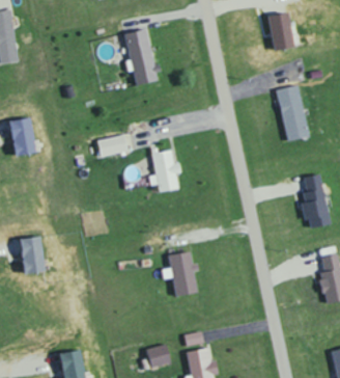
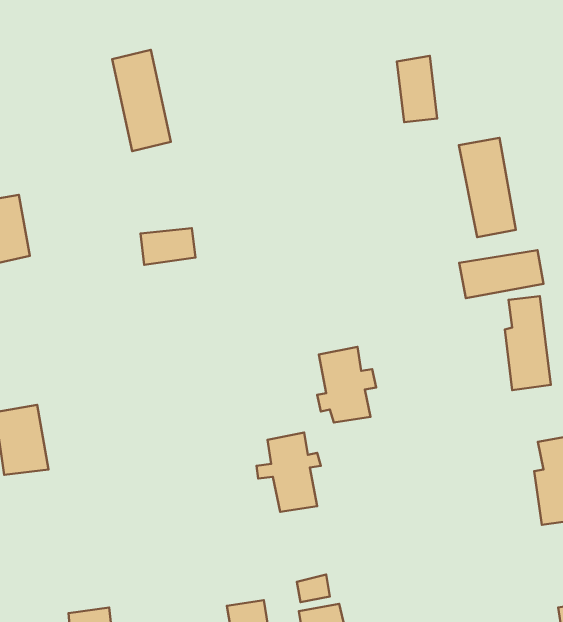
building: [267,12,290,50] -> [397,56,437,122]
building: [124,28,158,85] -> [112,50,171,151]
building: none -> [459,250,543,298]
building: [151,150,185,192] -> [317,347,376,423]

